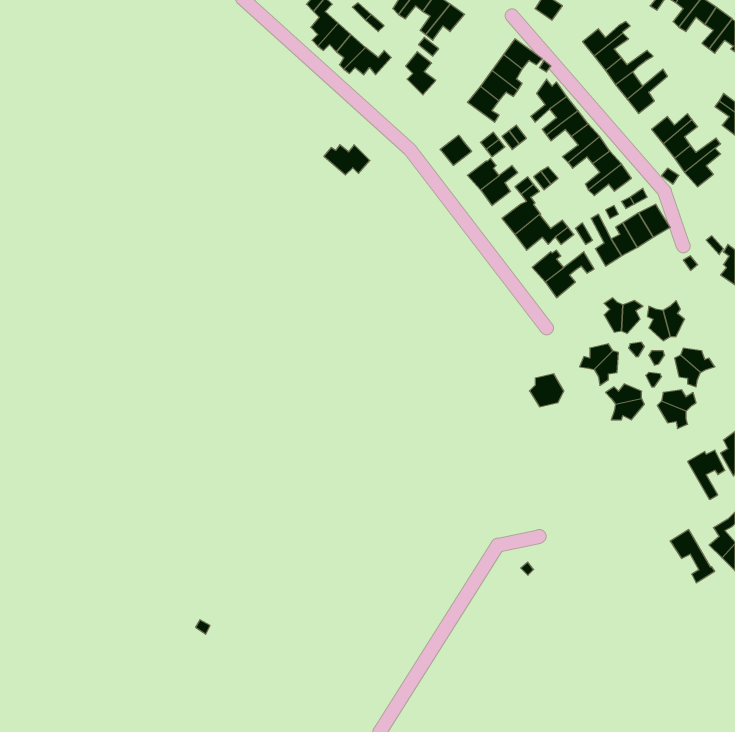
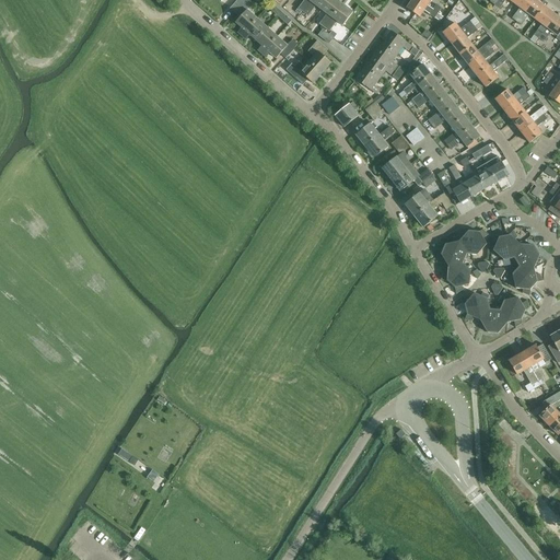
building: [324,145,370,175] -> [287,60,322,83]
building: none -> [514,243,540,267]
building: [529,374,564,407] -> [441,240,467,265]
building: none -> [480,307,508,332]
building: [670,530,715,583] -> [509,351,542,392]

